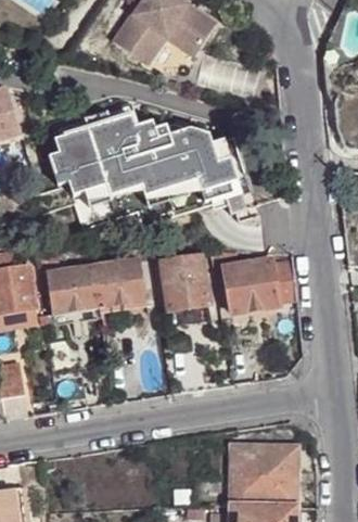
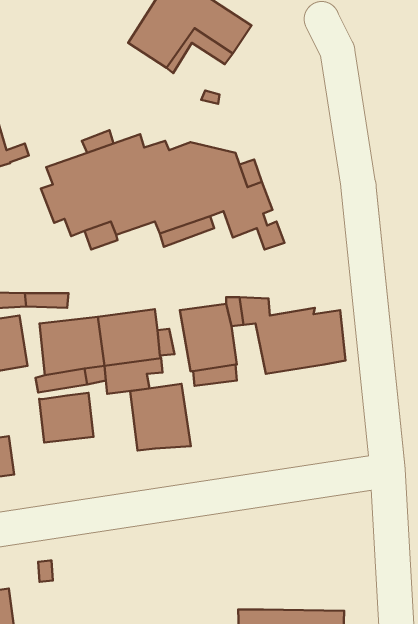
building: none -> [130,384,191,451]
building: none -> [39,393,94,443]
building: [229,444,296,506] -> none

